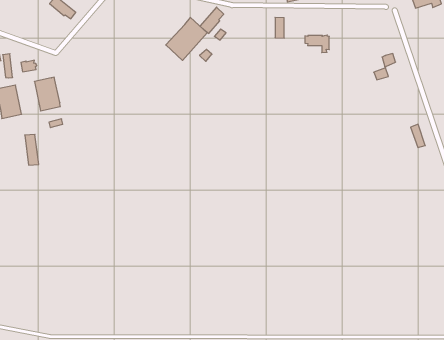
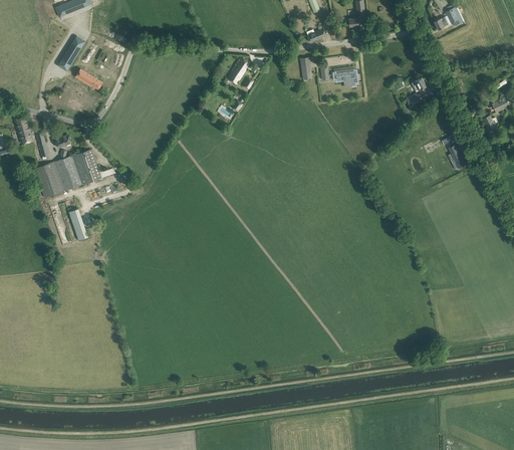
building: [166,17,207,60] -> none
building: none -> [53,151,81,190]

